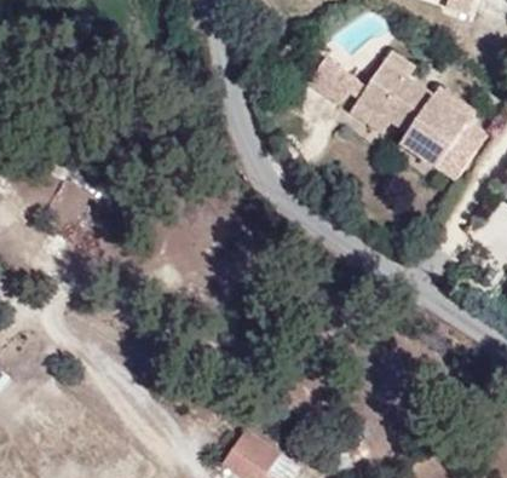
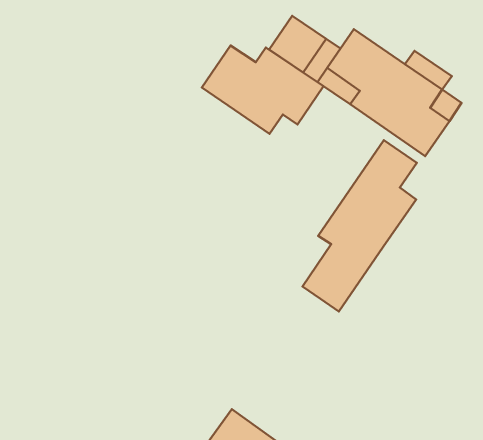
building: none -> [202,46,323,134]
building: none -> [302,140,417,311]

